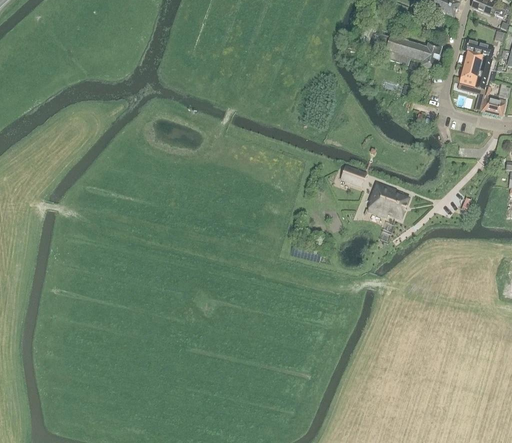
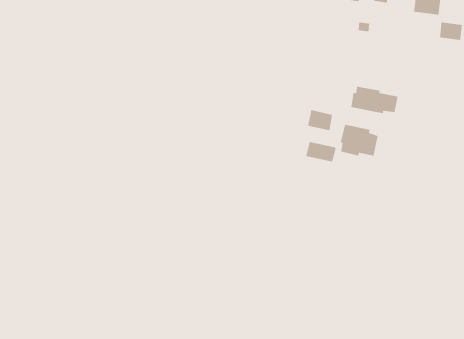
building: none -> [350,86,398,114]
building: none -> [305,141,337,162]

